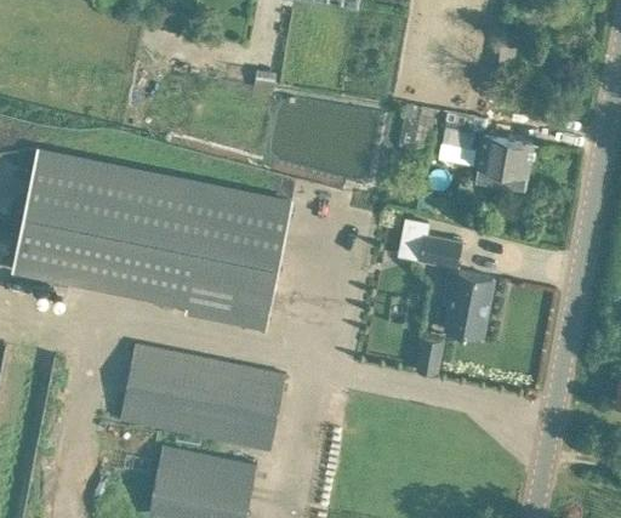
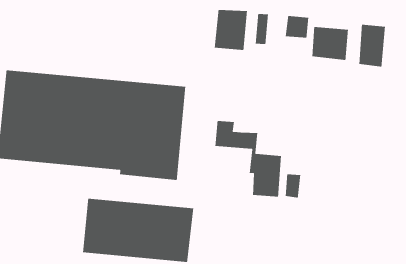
building: none -> [214,9,248,51]
building: none -> [358,24,386,68]
building: [398,218,492,338] -> [215,120,282,198]

